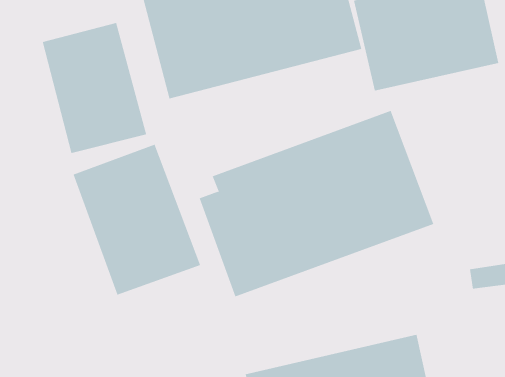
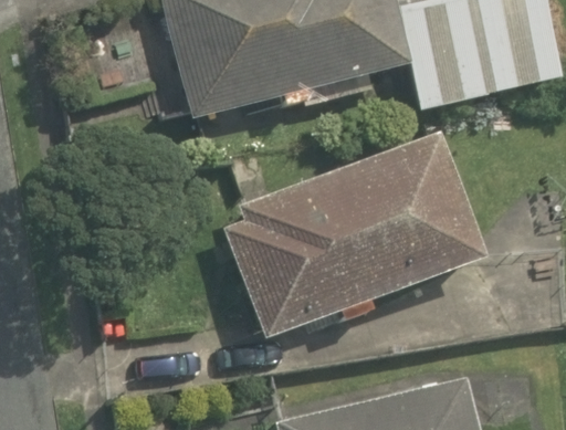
building: [42,22,147,154] -> none
building: [73,144,201,296] -> none

